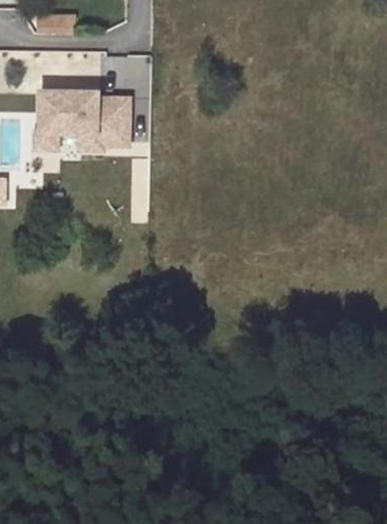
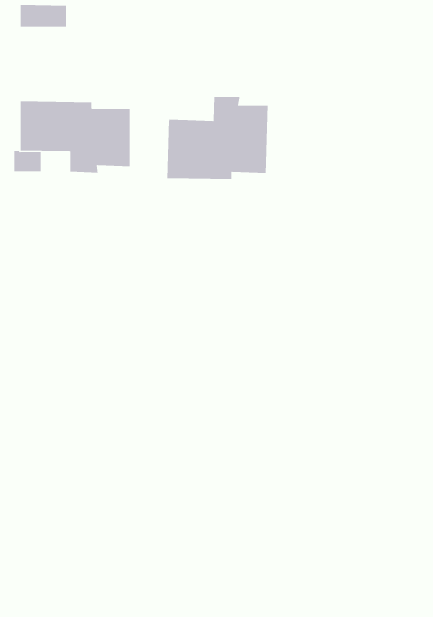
building: none -> [167,96,268,180]

